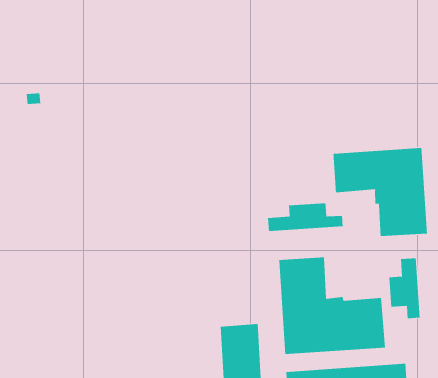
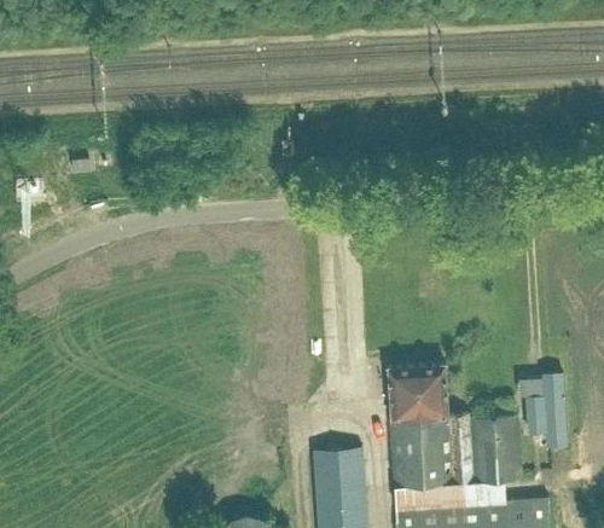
building: [333,147,428,237] -> none
building: [267,202,343,232] -> none

